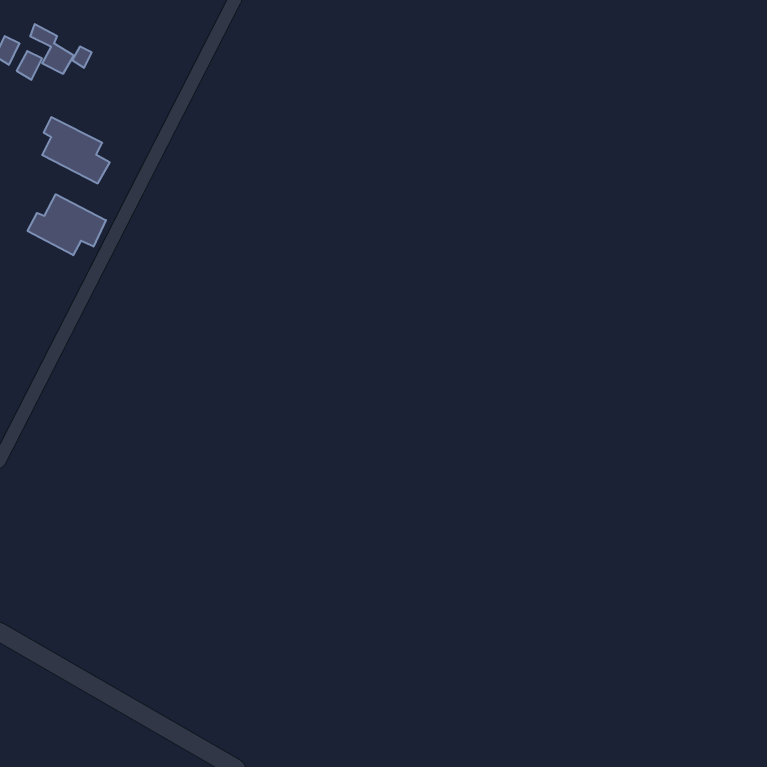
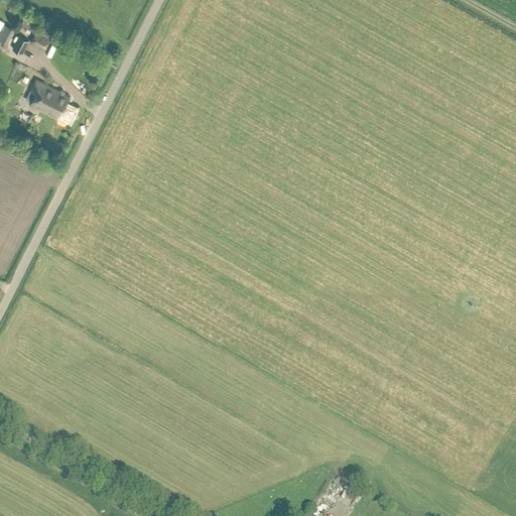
building: [28,194,106,255] -> none

